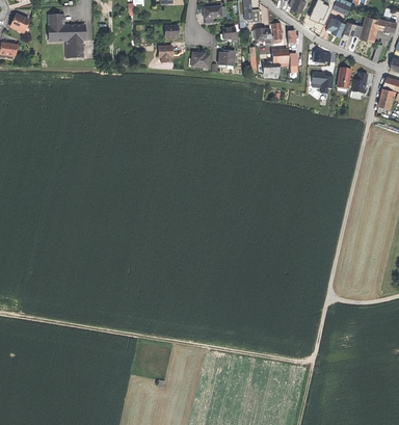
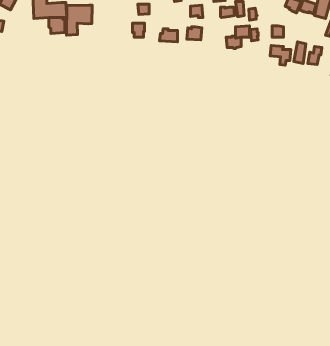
building: none -> [67,5,92,35]

